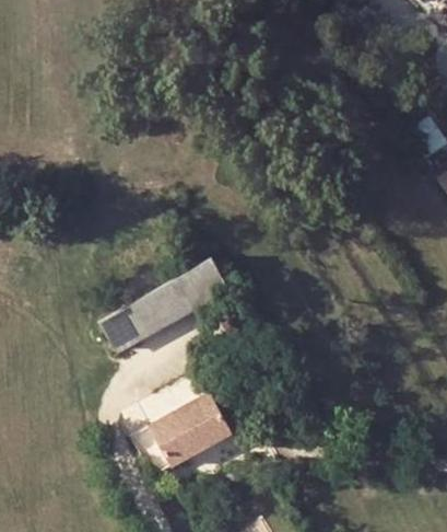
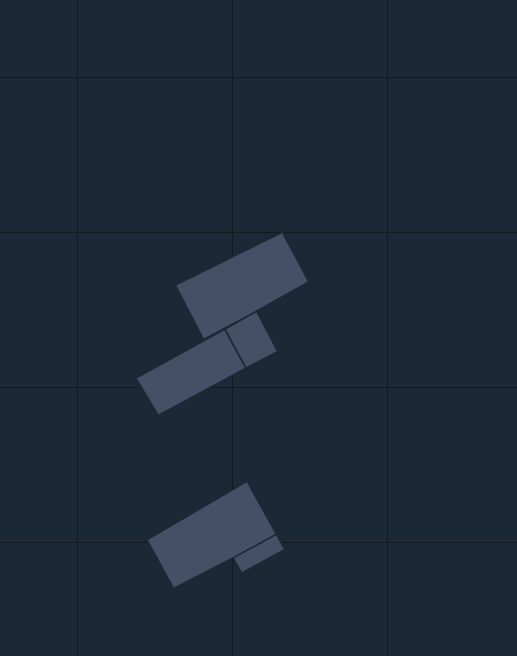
building: none -> [175,232,309,340]
building: [99,308,142,351] -> none

